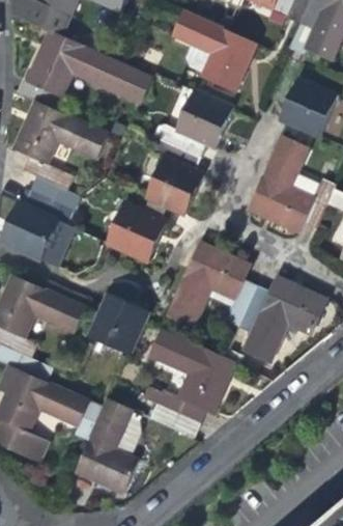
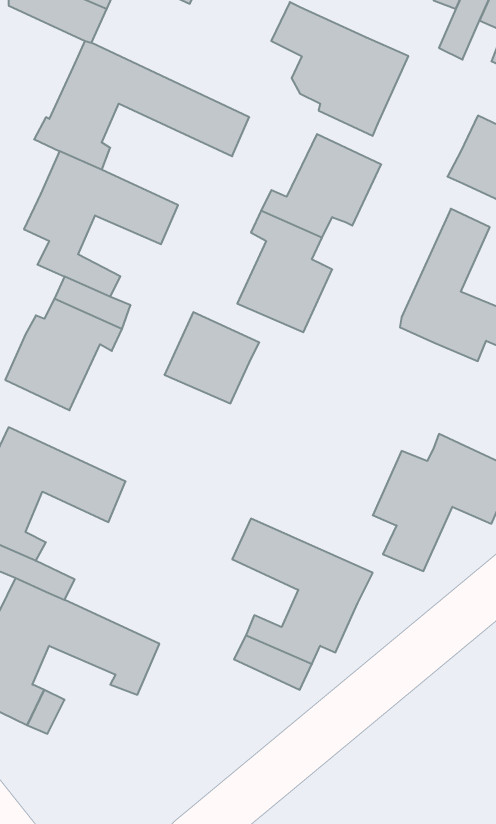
building: [166,243,252,327] -> none
building: [89,294,146,352] -> none
building: [75,395,138,490] -> none

